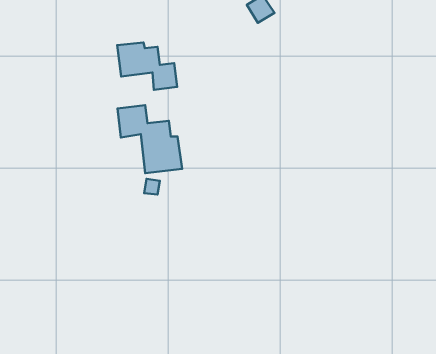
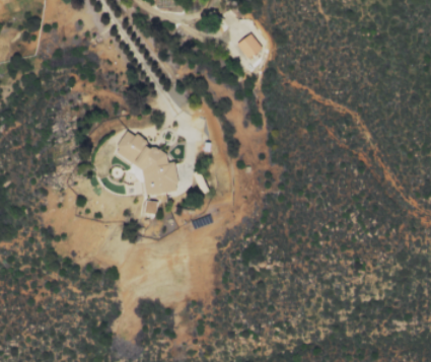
building: [117,42,177,90] -> none

